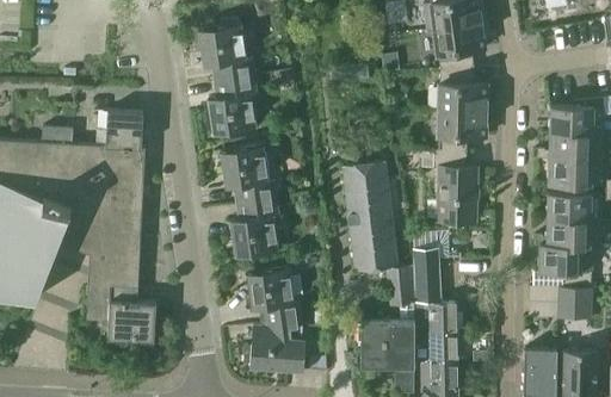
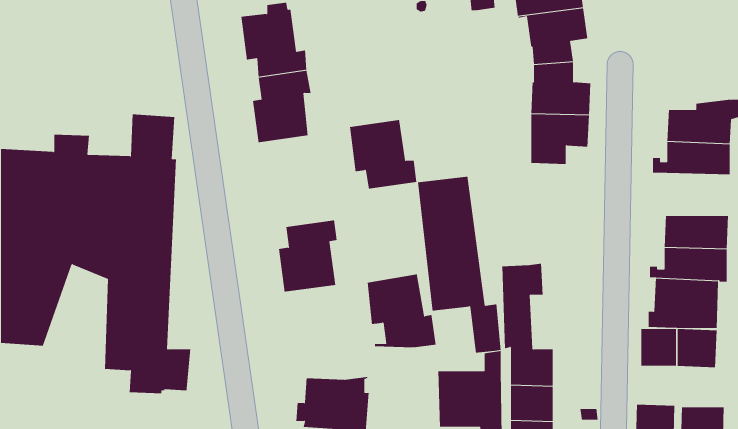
building: [220,147,276,204] -> [349,120,417,189]
building: [432,151,476,224] -> none
building: [548,160,601,188] -> none
building: [246,268,303,329] -> [367,274,436,348]

